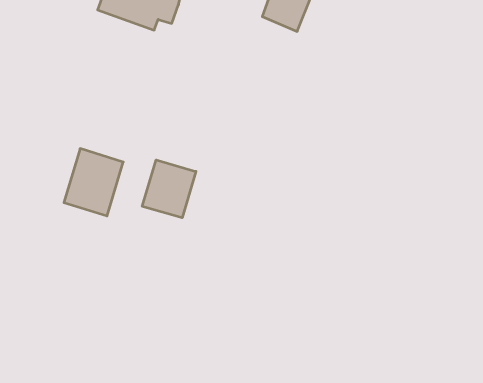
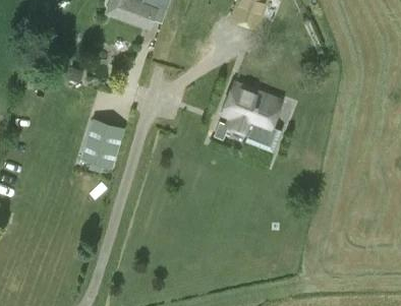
building: none -> [222,84,278,133]
building: [142,160,196,218] -> none

